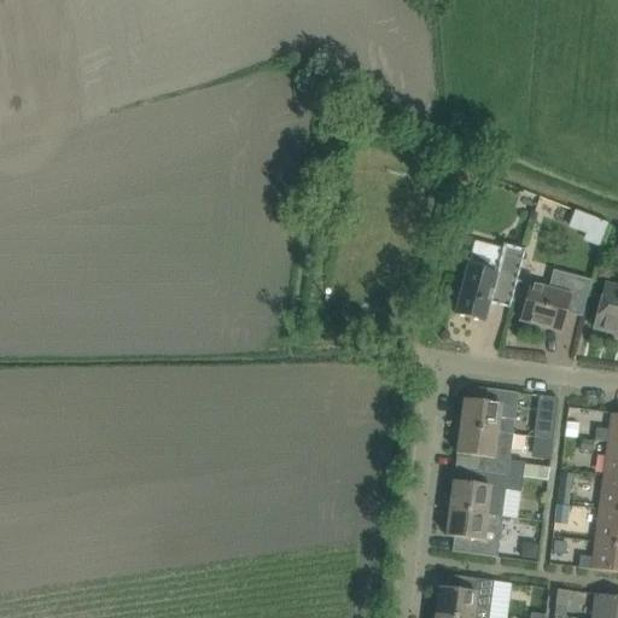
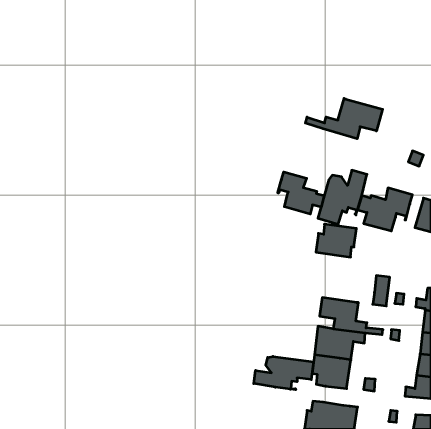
building: none -> [305,98,383,139]
building: none -> [278,172,324,214]
building: [461,386,519,433] -> [316,224,356,257]
building: none -> [254,356,314,390]

